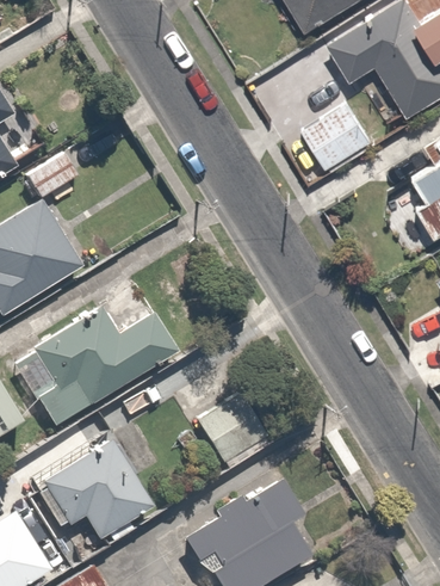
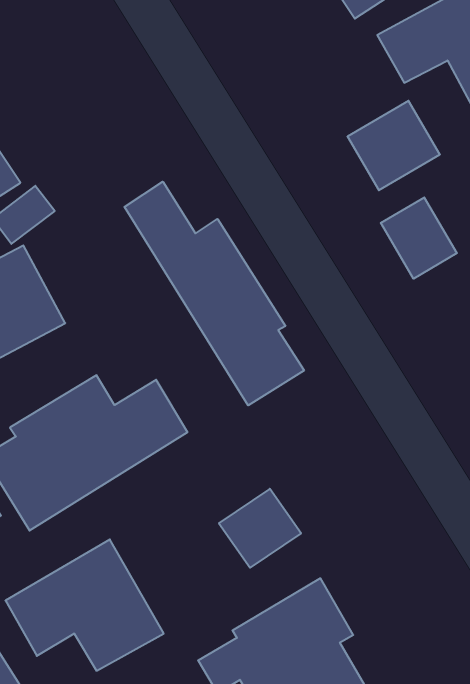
building: none -> [124,182,304,405]
building: none -> [381,197,457,279]

